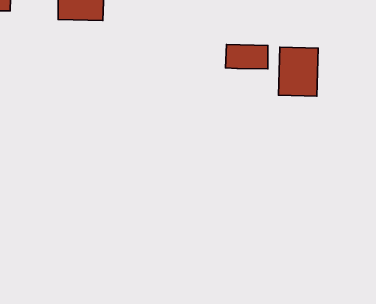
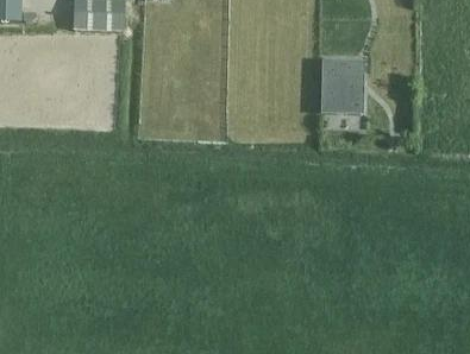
building: [225,44,268,69] -> none

